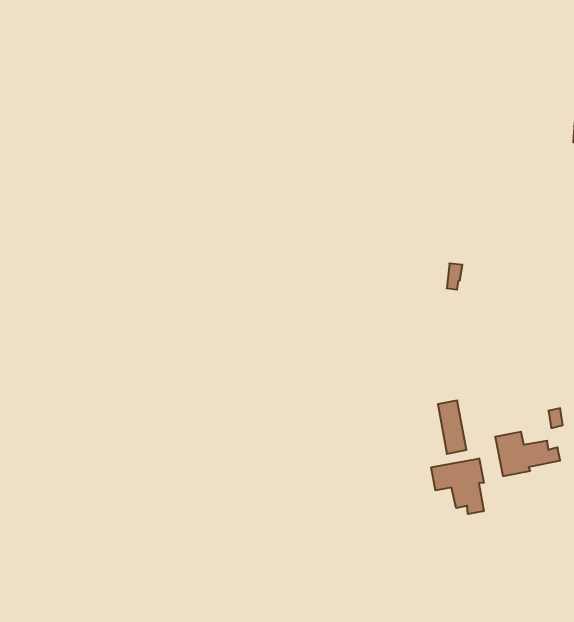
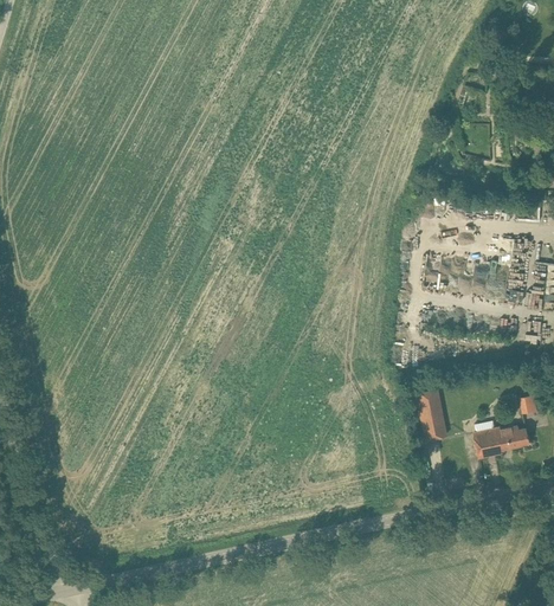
building: [431,458,484,514] -> none

